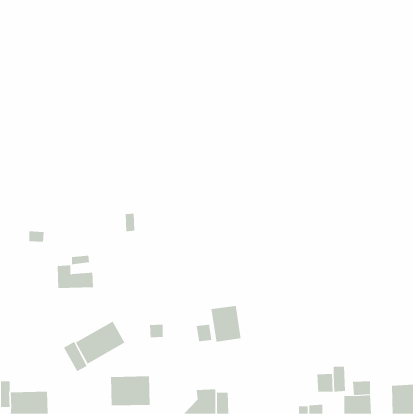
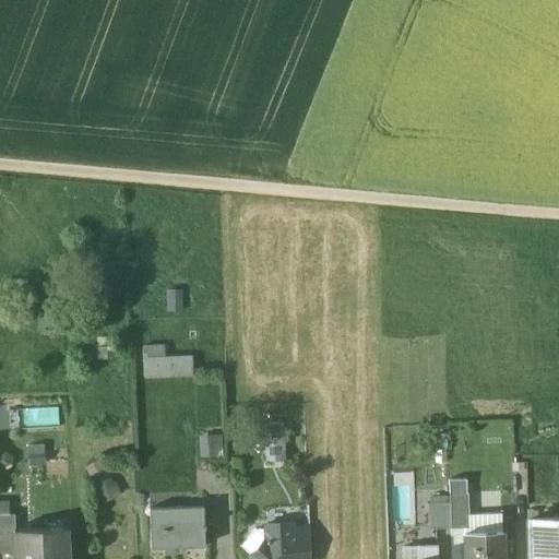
building: [57,265,94,288] -> [143,346,193,378]
building: [211,305,241,342] -> none
building: [75,321,125,364] -> none

